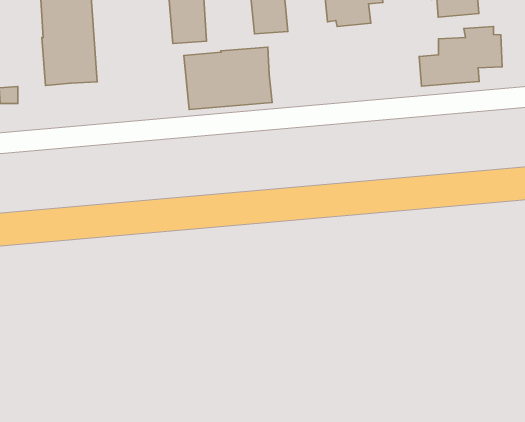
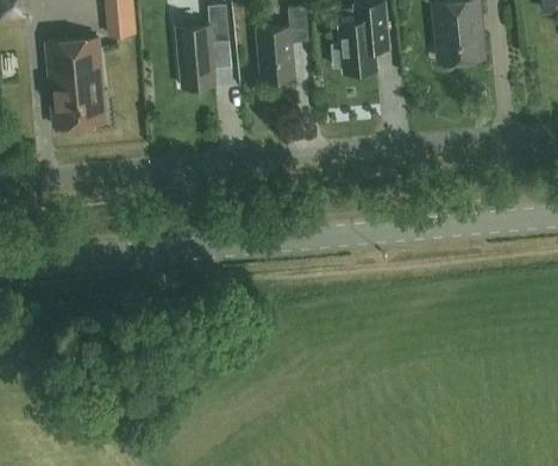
building: [419,27,502,86] -> none
building: [184,47,272,109] -> none

